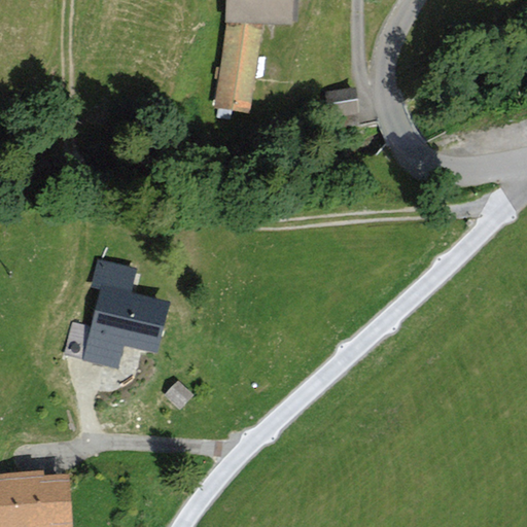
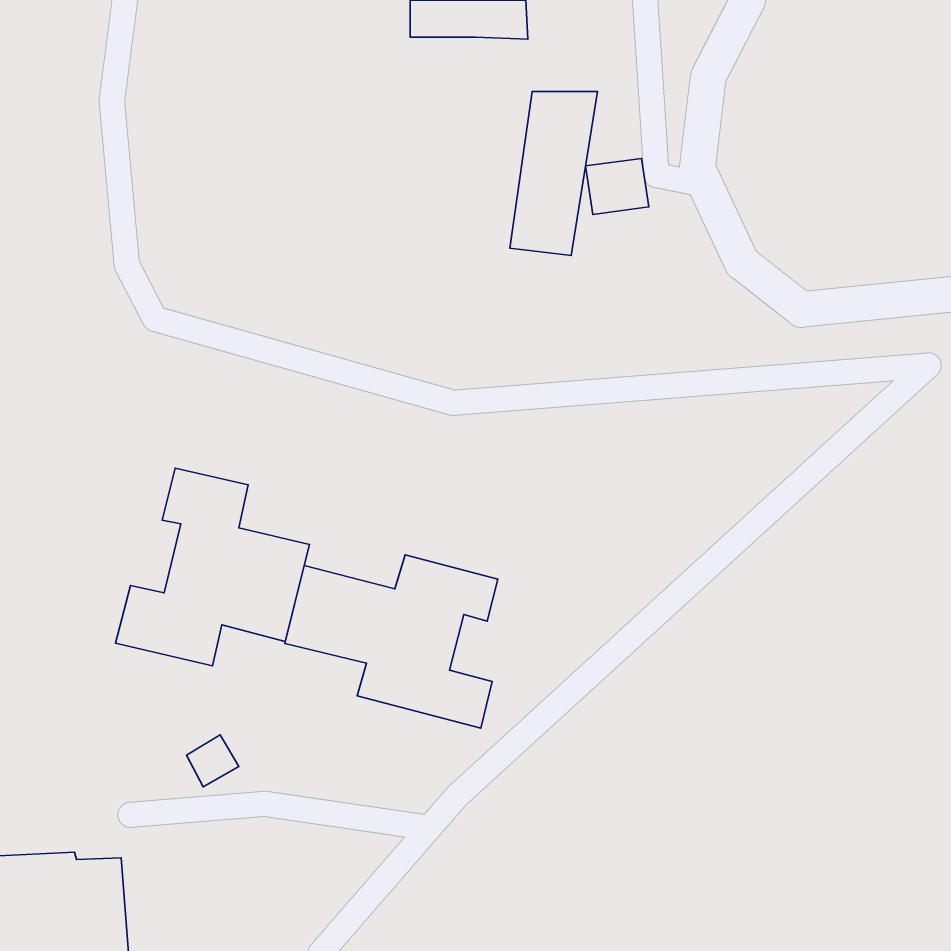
building: [214,22,262,112] -> [510,91,597,255]
building: none -> [285,555,498,728]

